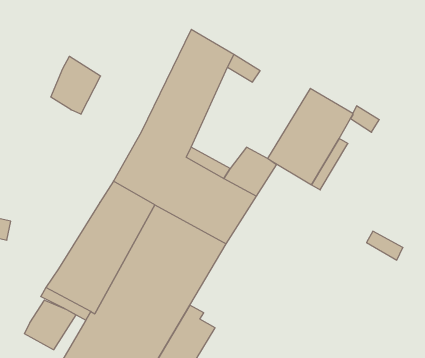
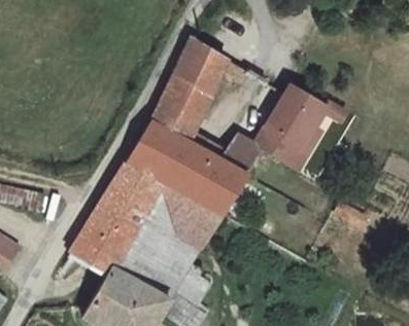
building: [51,56,101,114] -> none
building: [24,300,76,350] -> none

